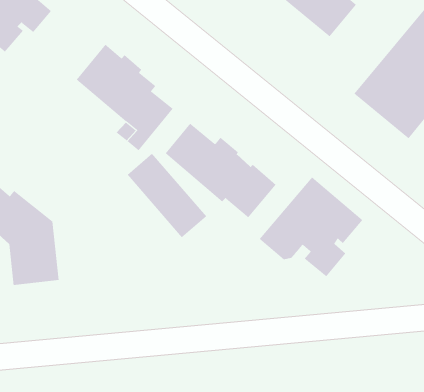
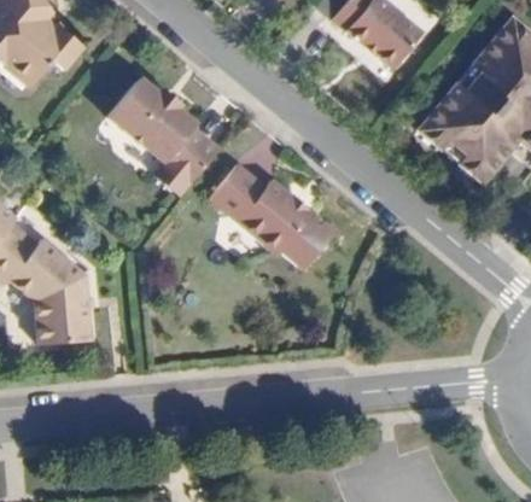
building: [127,153,207,238] -> none
building: [259,177,363,277] -> none

